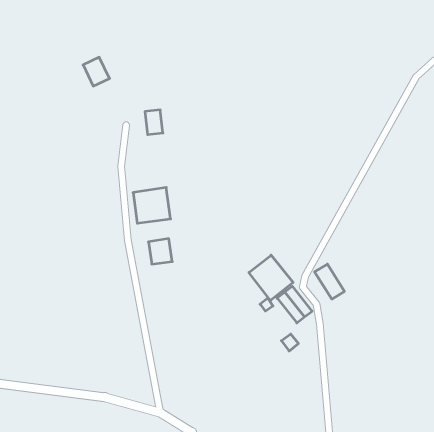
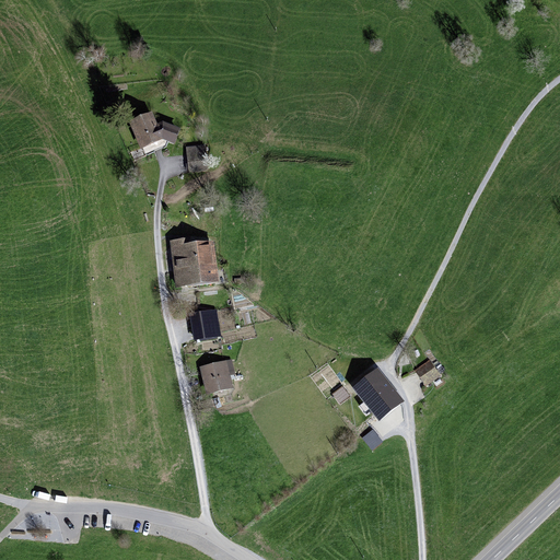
building: [83,57,110,86] -> [129,109,163,147]
building: [249,255,293,301] -> none
building: none -> [200,358,236,394]

